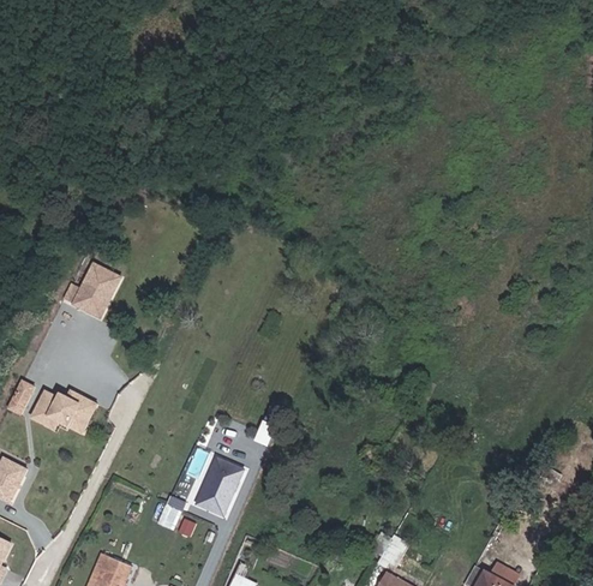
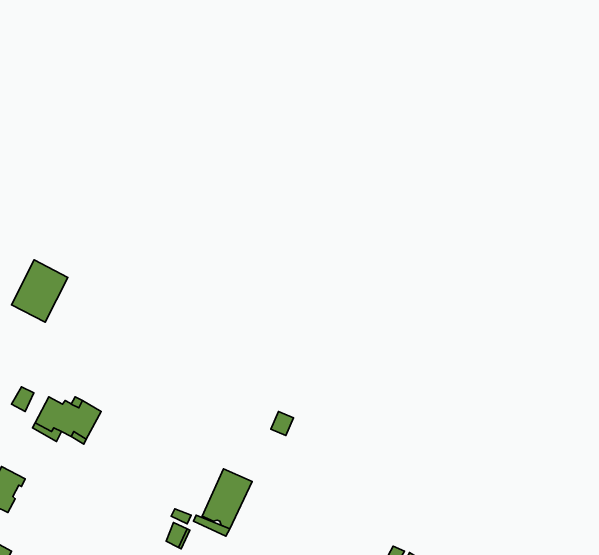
building: [67,258,121,318] -> [12,260,68,322]

